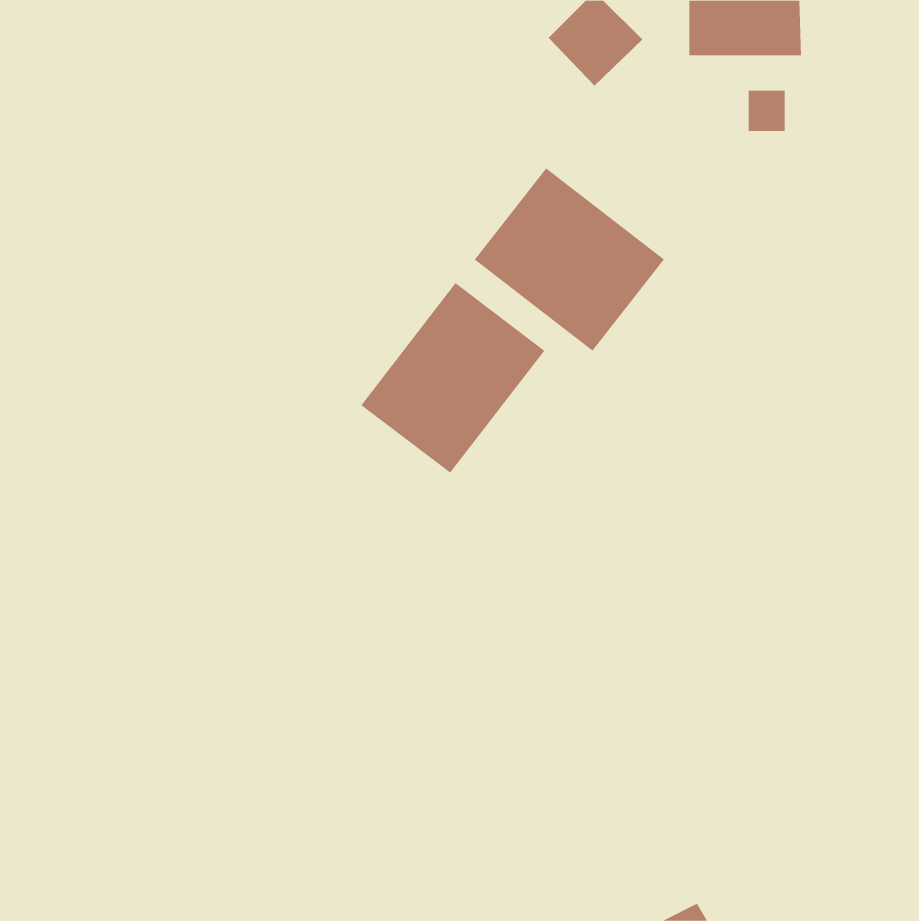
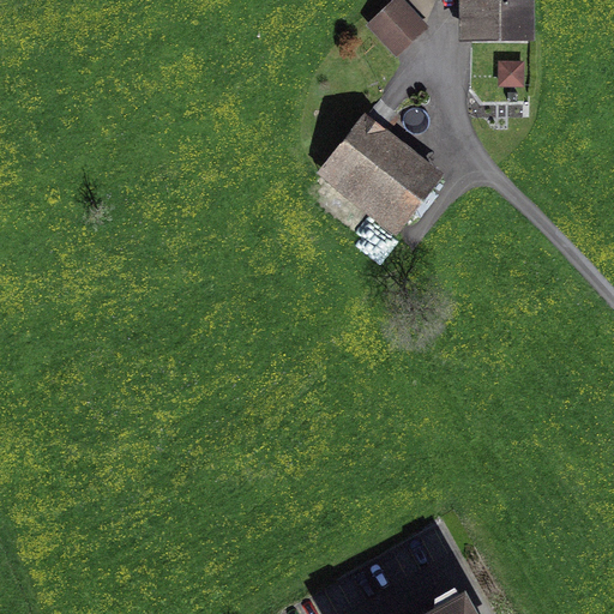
building: [360,282,545,474] -> none

